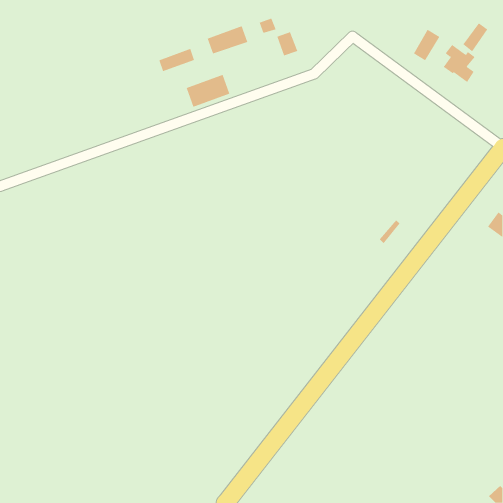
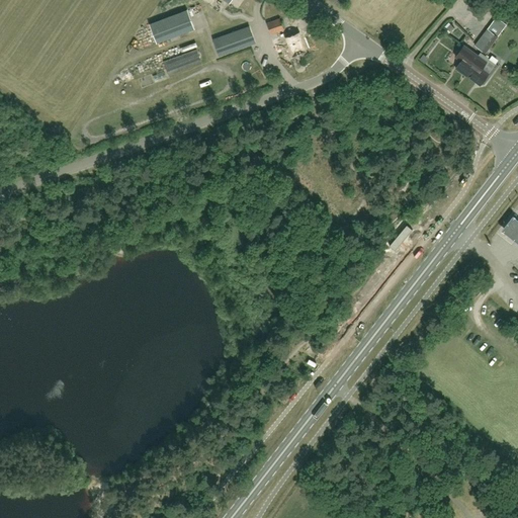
building: [413,29,440,61] -> none
building: [186,74,230,108] -> [149,9,194,44]

